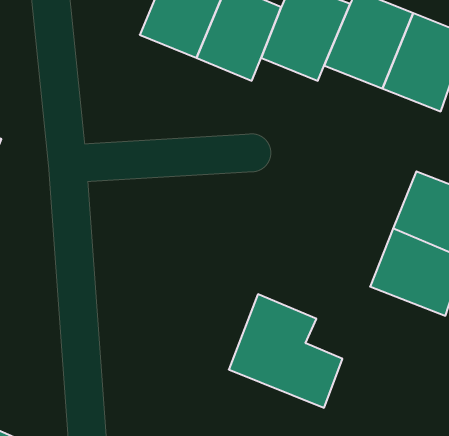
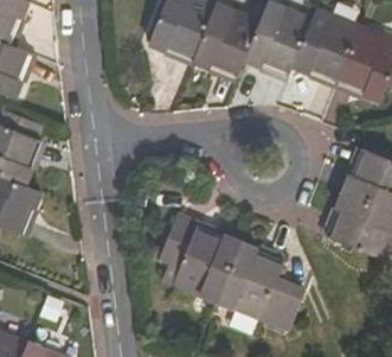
building: none -> [158,217,239,301]

